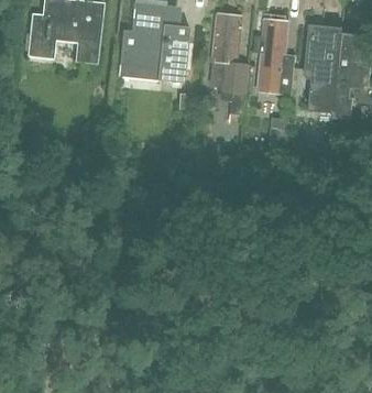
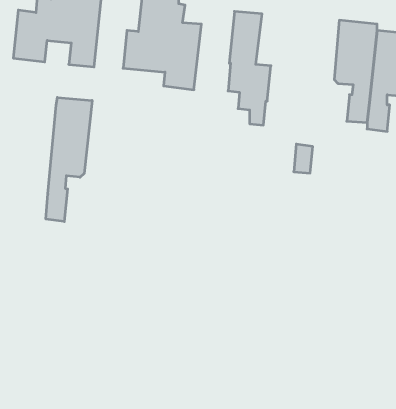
building: [253,15,295,94] -> none
building: none -> [46,97,92,222]

